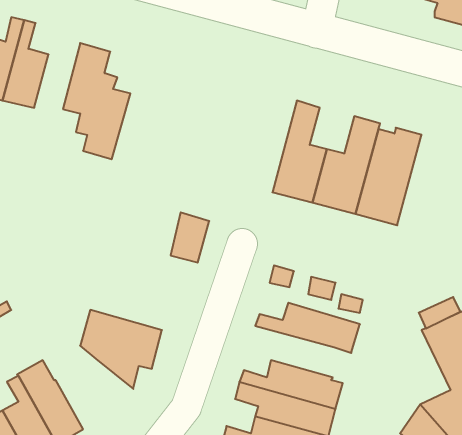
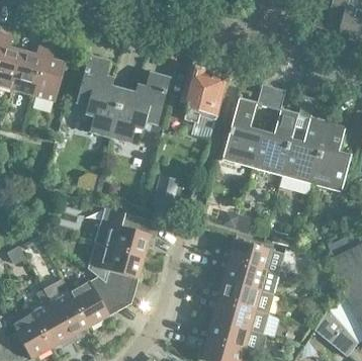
building: none -> [180,59,227,126]
building: none -> [110,71,170,142]
building: none -> [257,82,286,107]
building: none -> [311,119,352,191]
building: none -> [95,208,160,257]
building: none -> [208,254,279,292]
building: none -> [71,277,125,327]

